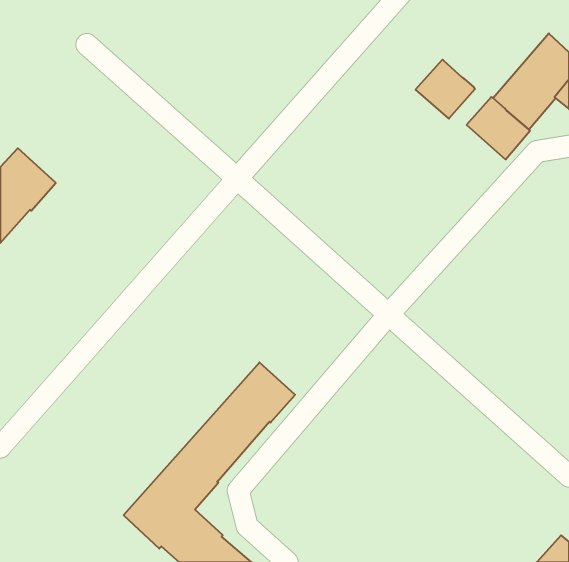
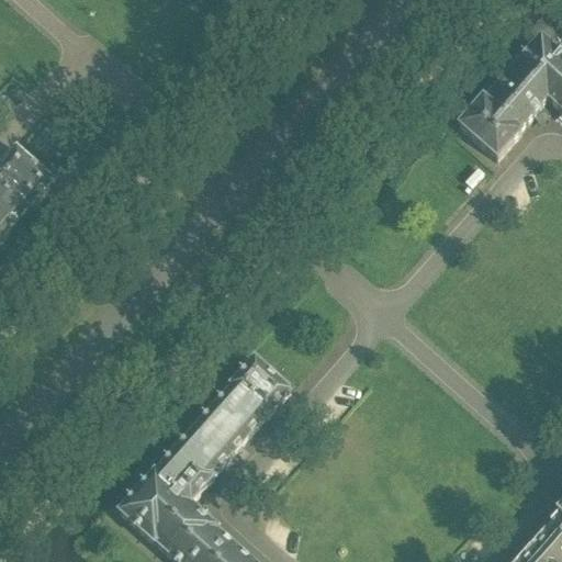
building: [416,60,475,119] -> none

